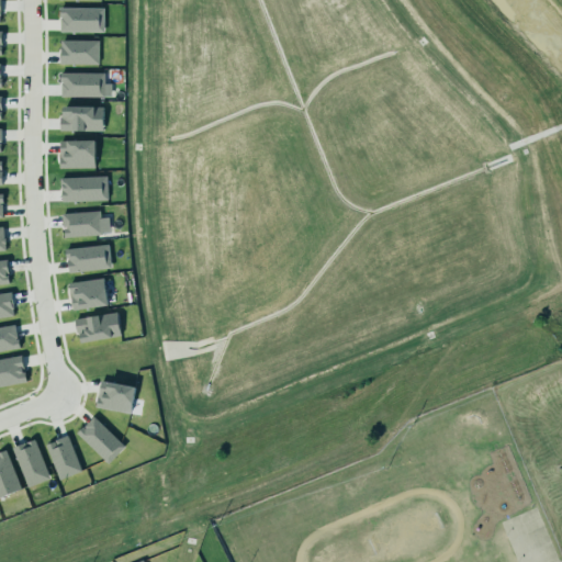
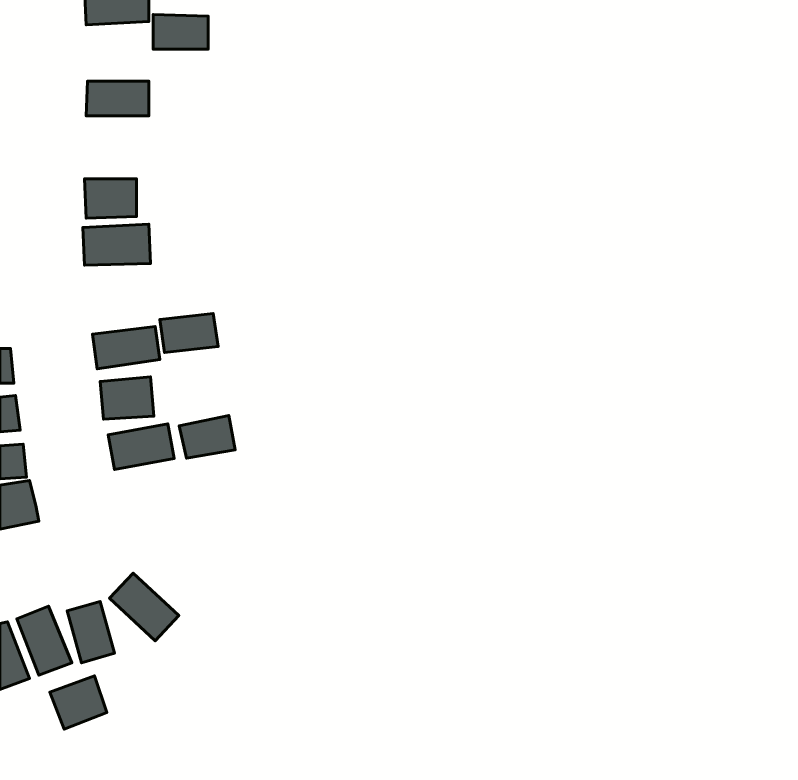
building: [60,40,99,64] -> [153,15,208,49]
building: [61,105,103,131] -> none
building: [60,207,101,235] -> [160,313,218,353]
building: none -> [179,415,235,458]
building: [95,380,136,414] -> none
building: none -> [50,676,107,729]

